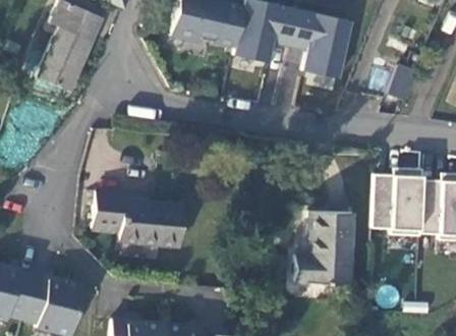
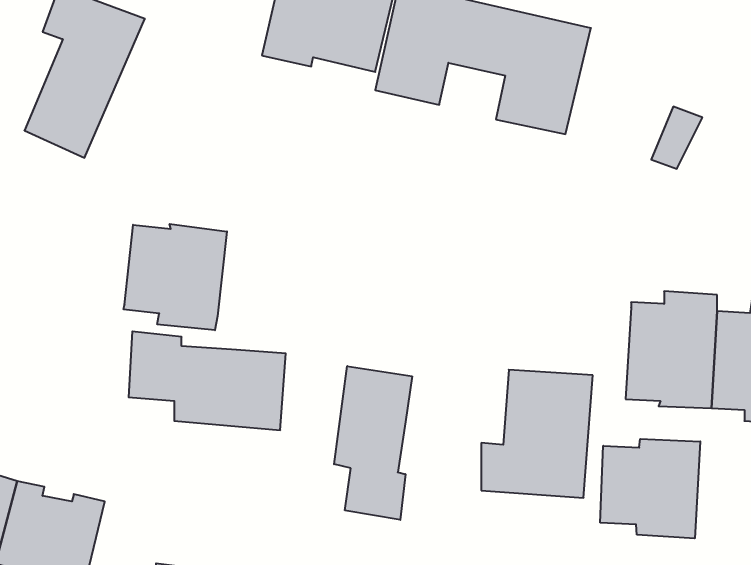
building: none -> [124,224,227,330]
building: none -> [334,366,412,520]
building: none -> [600,439,700,538]

